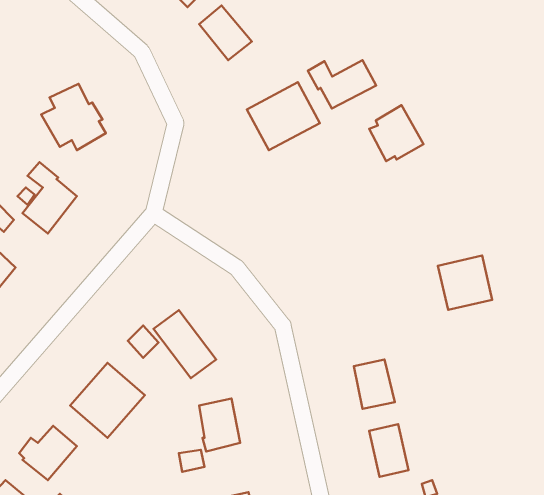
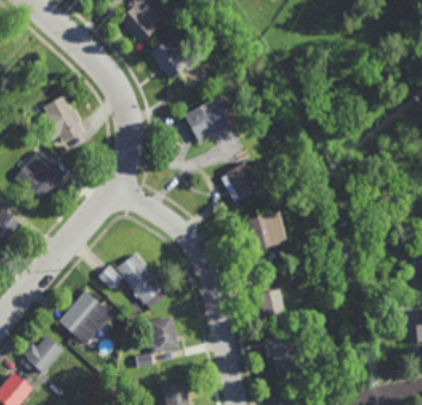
building: [308,60,376,108] -> none
building: [369,105,424,161] -> [222,161,260,201]
building: [438,255,492,310] -> [248,211,286,250]

